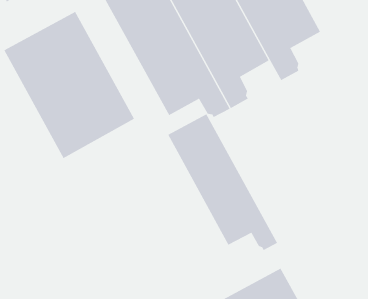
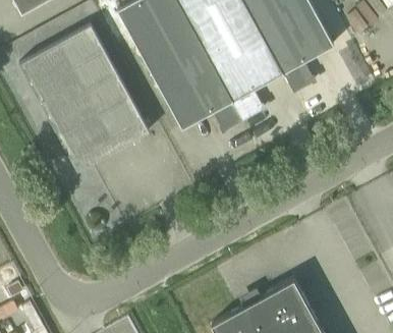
building: [168,113,278,251] -> none

